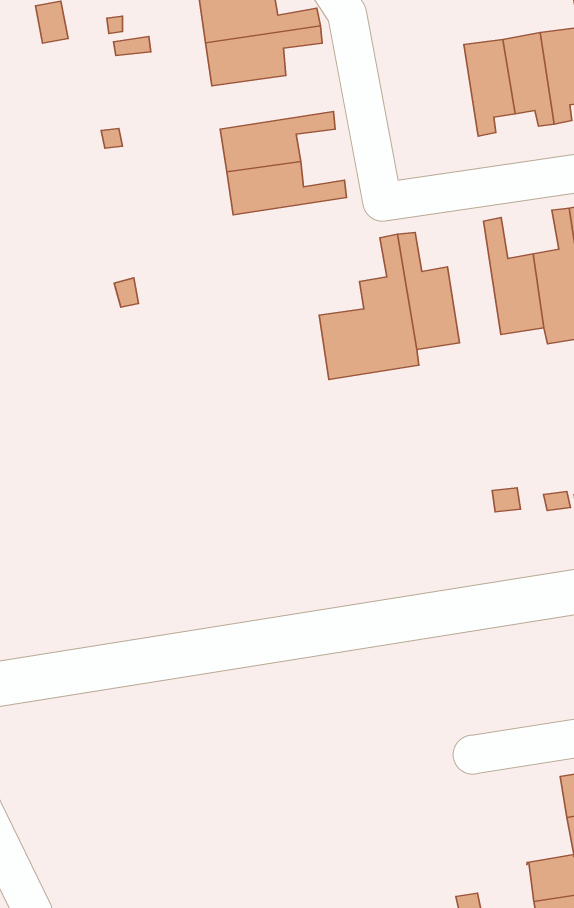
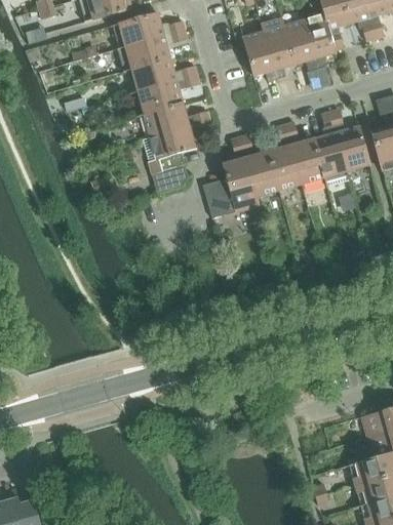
building: none -> [243,31,277,81]
building: none -> [131,58,198,91]
building: none -> [143,120,213,194]
building: none -> [269,124,302,191]

